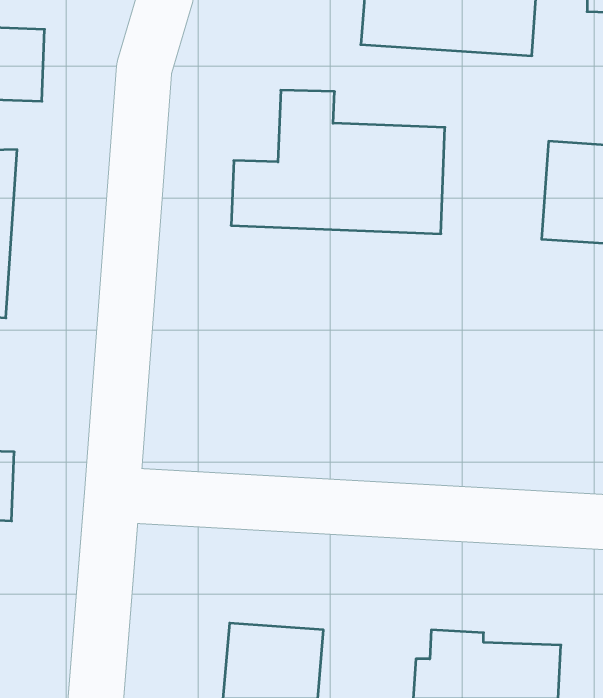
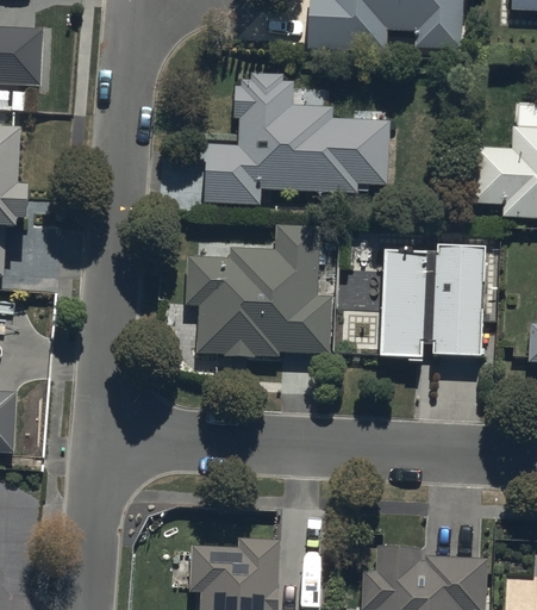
building: none -> [188,225,337,355]
building: none -> [379,247,485,362]

